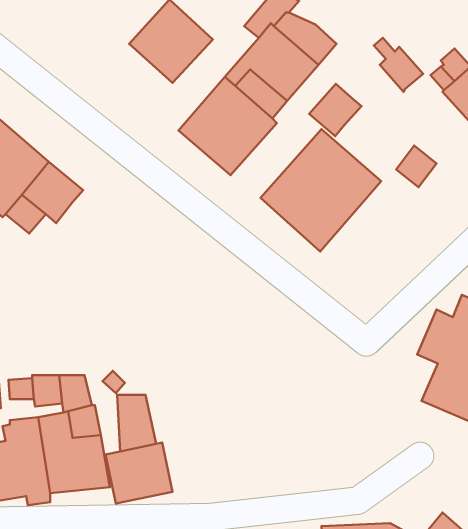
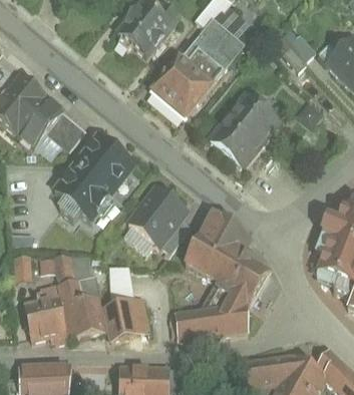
building: [309,84,361,136] -> none
building: none -> [49,131,135,225]
building: none -> [124,182,190,248]
building: none -> [174,210,271,341]

